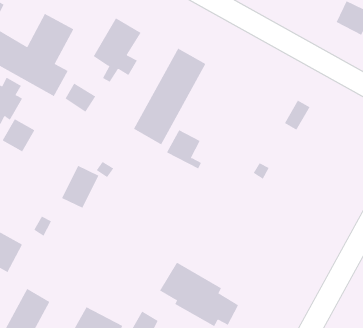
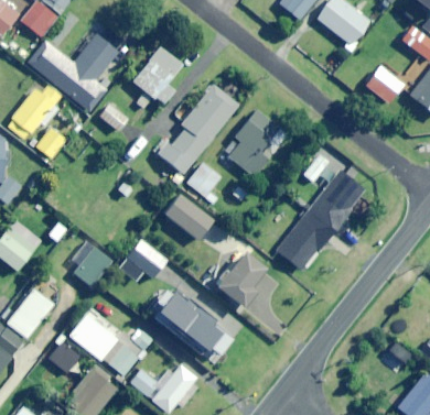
building: none -> [229,109,287,175]
building: none -> [277,170,365,270]
building: [61,165,99,209] -> [73,245,112,287]
building: none -> [166,195,213,238]
building: none -> [217,252,266,307]
building: none -> [118,239,168,281]

